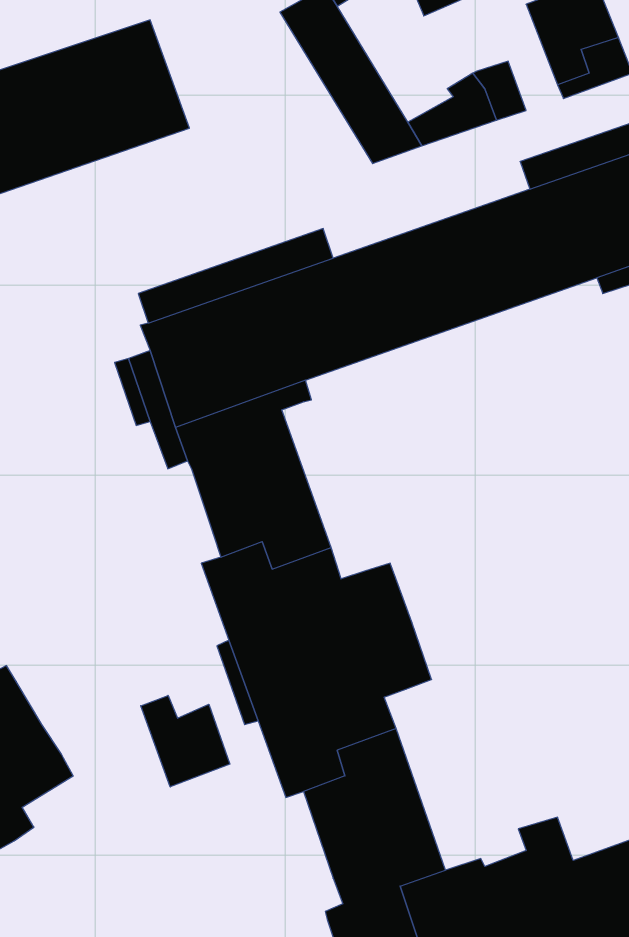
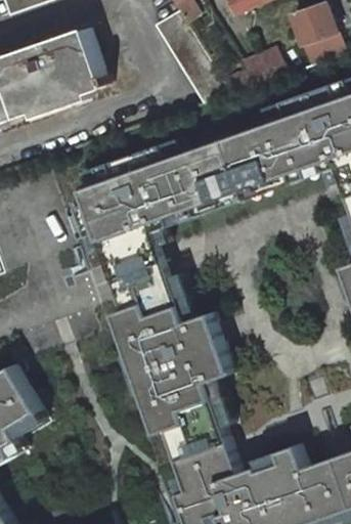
building: [141,695,230,787] -> none

